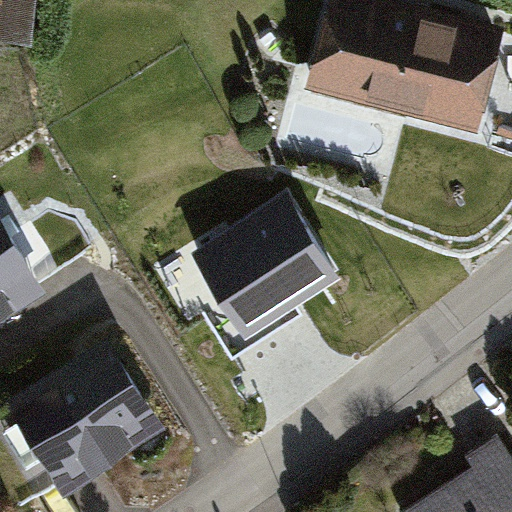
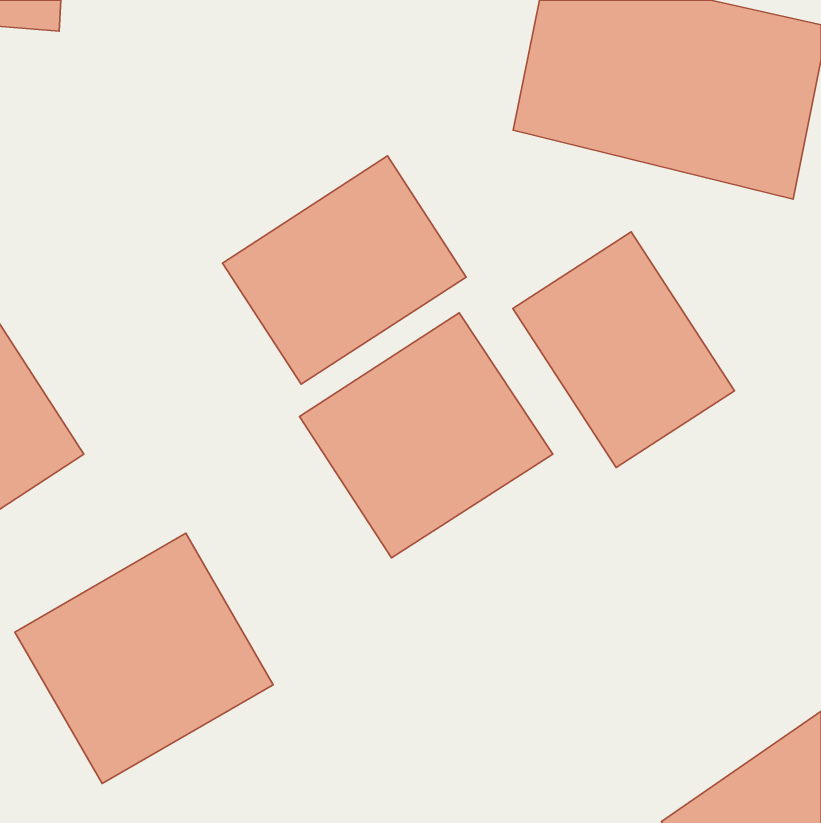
building: none -> [223,156,466,384]
building: none -> [513,232,734,468]

